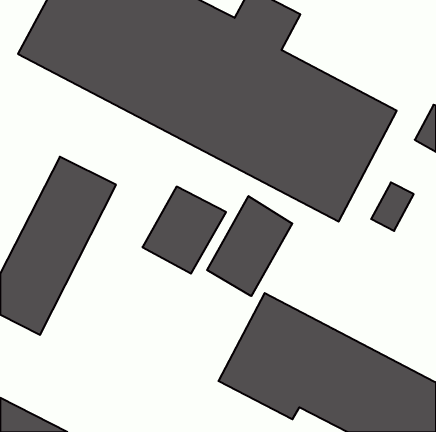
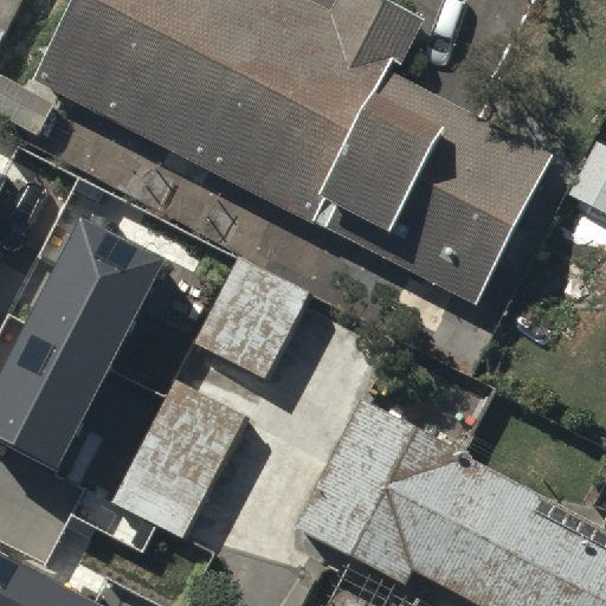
building: [207,196,292,296] -> none
building: none -> [117,381,250,535]

